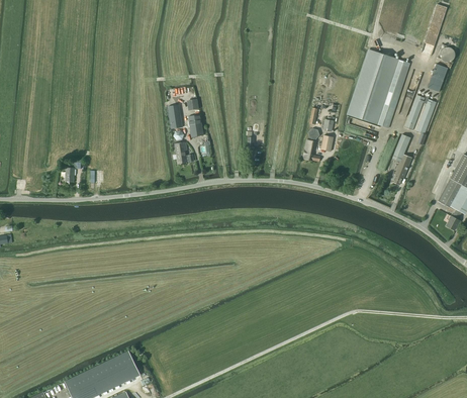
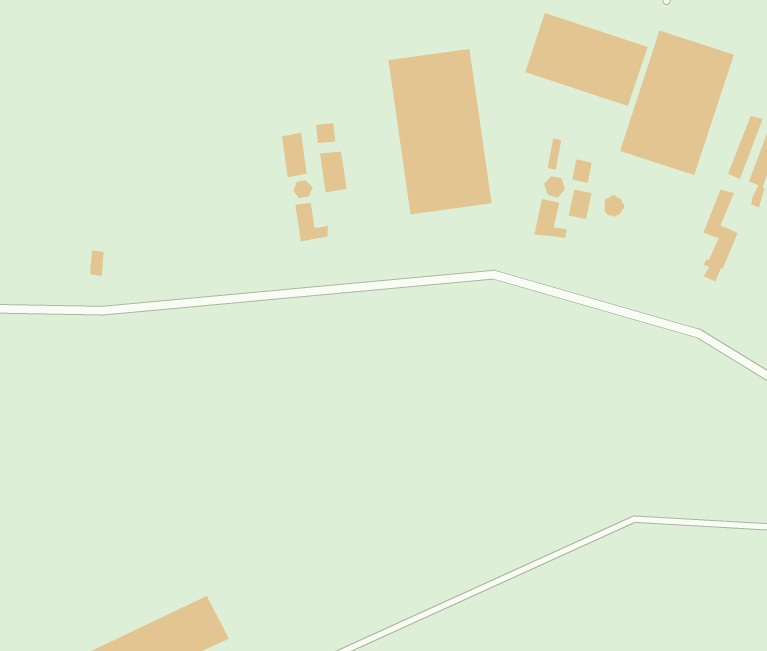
building: none -> [524,12,648,107]
building: none -> [388,48,492,215]

